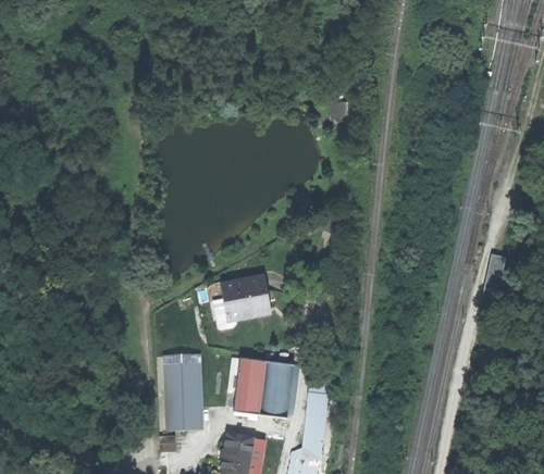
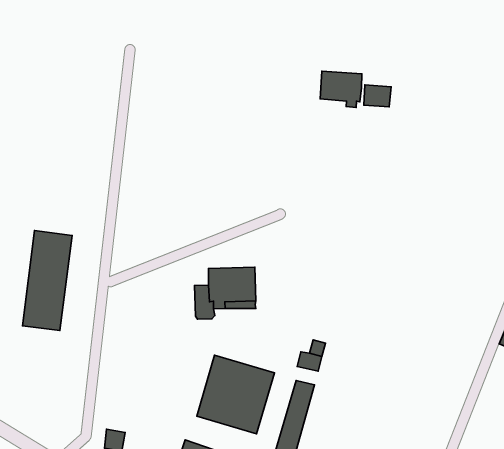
building: none -> [320,71,362,108]
building: [164,345,200,428] -> [22,230,72,331]

